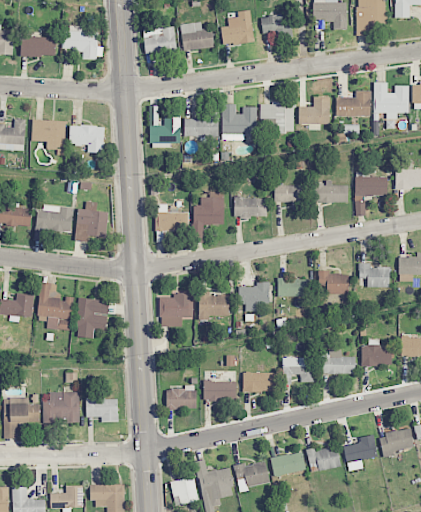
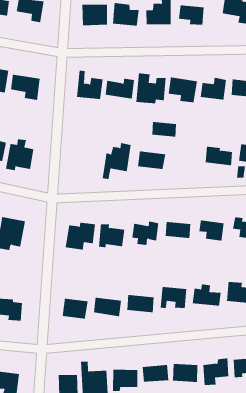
building: [274,185,305,202] -> [151,122,177,137]
building: [155,204,188,231] -> none

